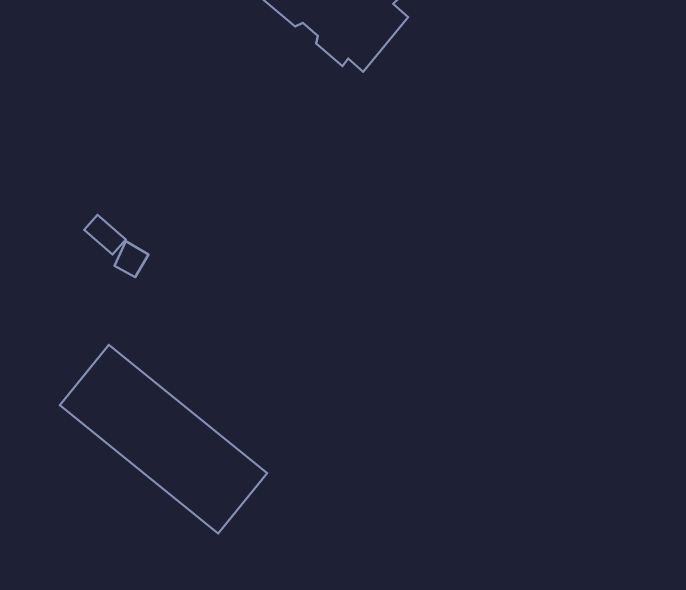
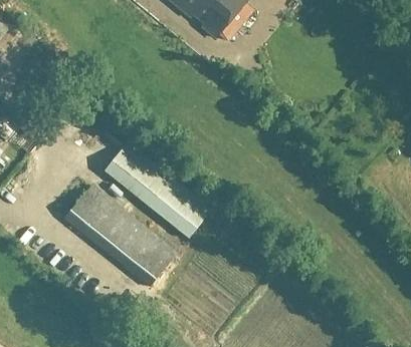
building: none -> [102,141,210,237]

